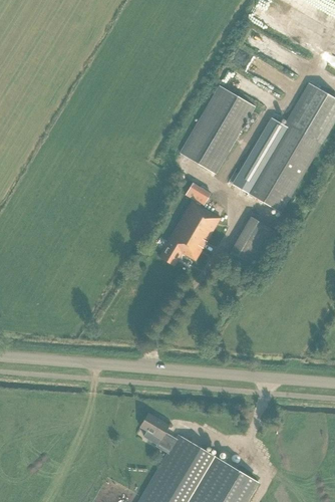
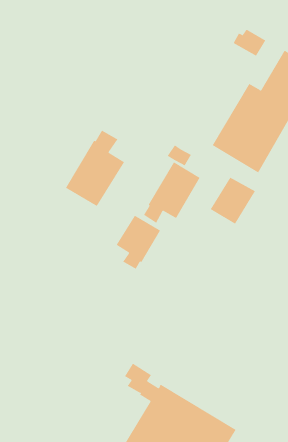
building: [180,86,255,174] -> none
building: none -> [65,130,125,207]
building: none -> [116,215,161,269]

